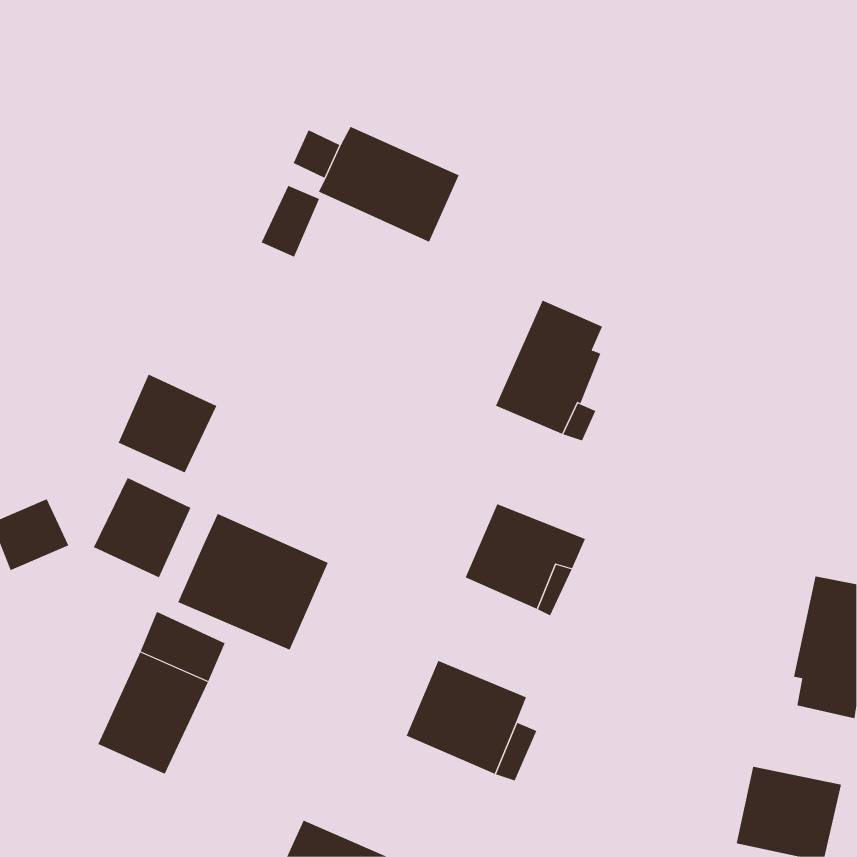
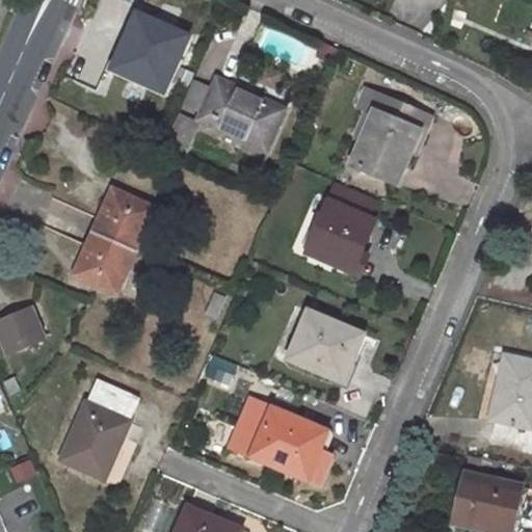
building: none -> [110,11,188,90]
building: none -> [350,94,429,182]
building: none -> [91,188,153,250]
building: [93,477,191,578] -> none
building: [178,513,328,650] -> none
building: none -> [229,398,270,454]

